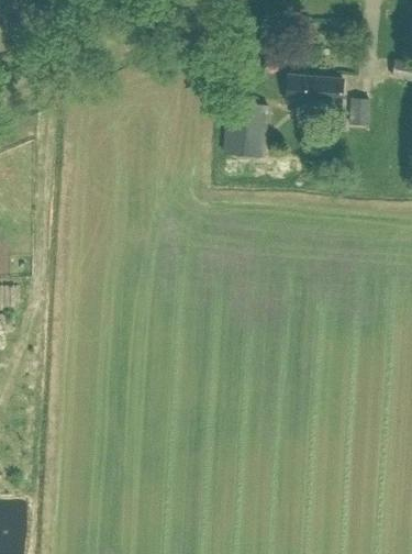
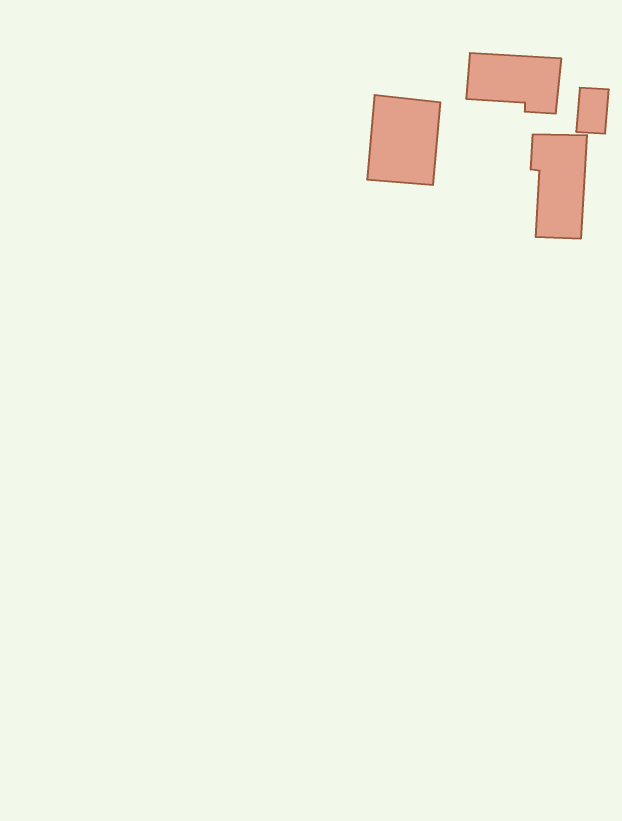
building: none -> [531,134,587,239]

